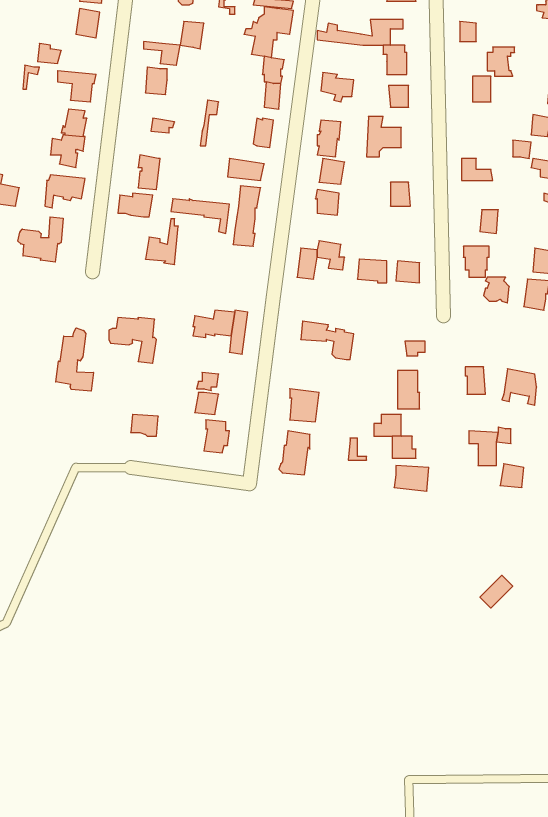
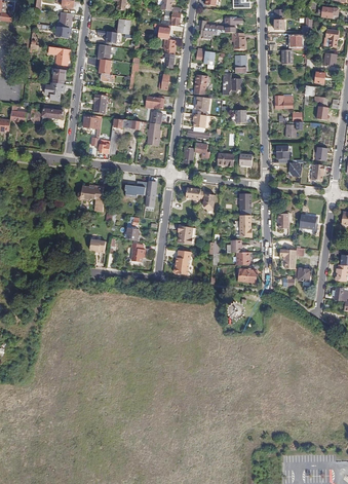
building: [18,217,63,262] -> none
building: [56,328,93,391] -> none

